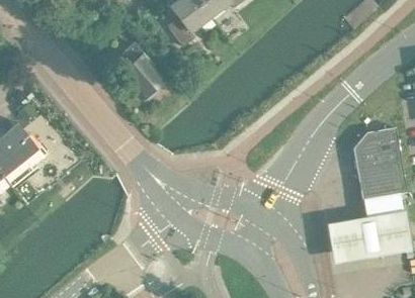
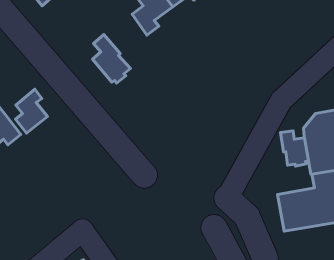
building: none -> [15,89,47,133]
building: none -> [280,131,308,166]

